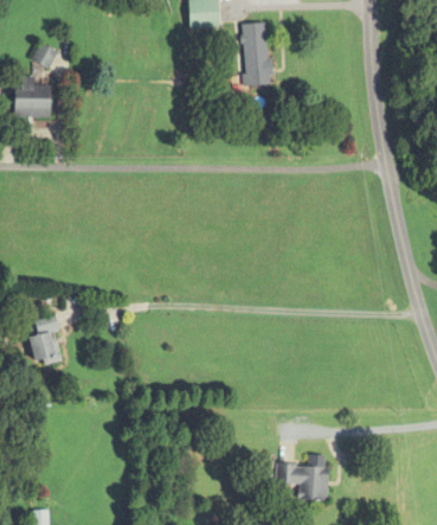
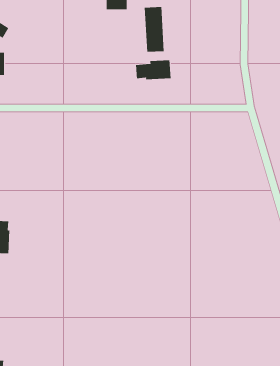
building: none -> [135,59,171,80]
building: [276,463,328,500] -> none

